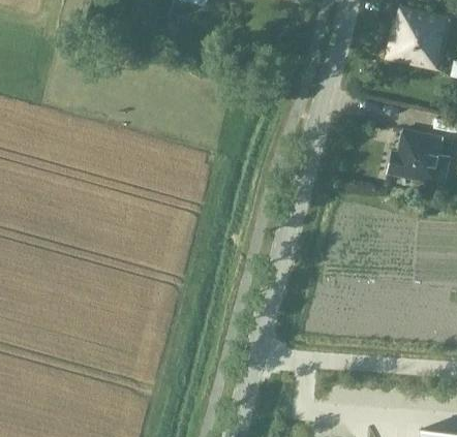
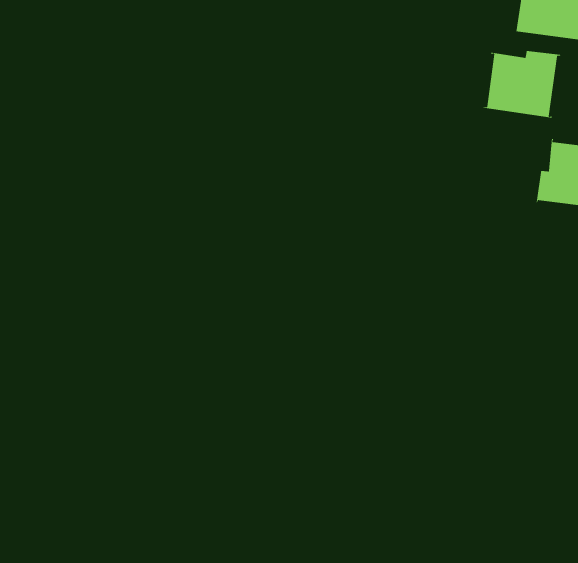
building: none -> [482,50,561,118]

